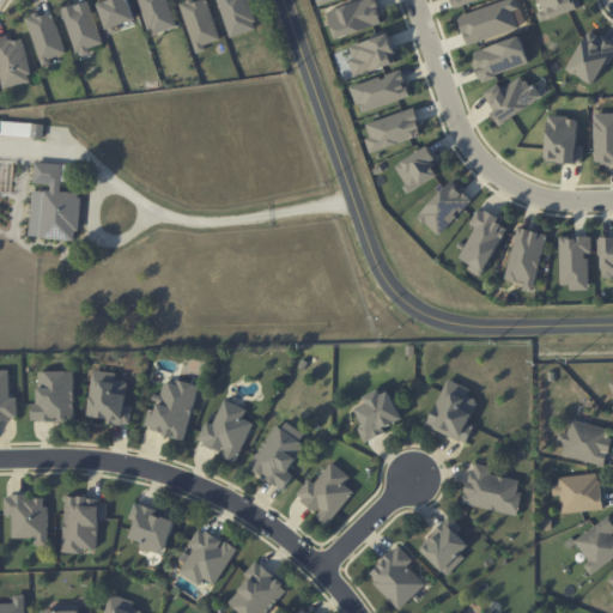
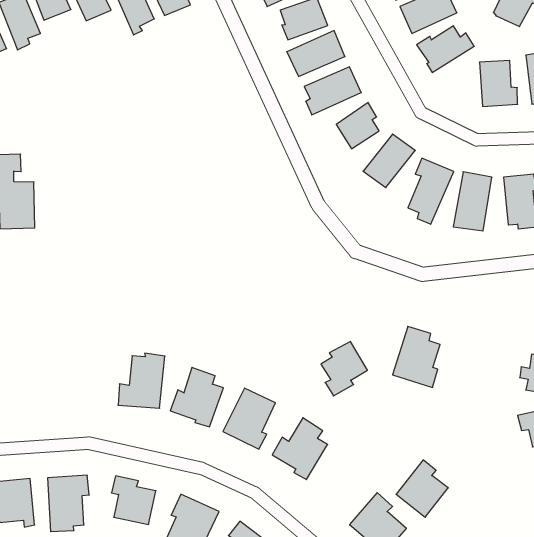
building: [31,371,73,421] -> none
building: [87,374,131,425] -> none
building: [463,462,522,515] -> none

